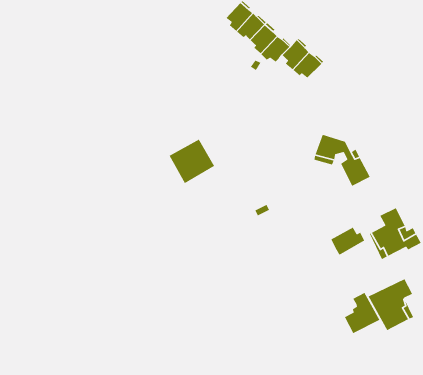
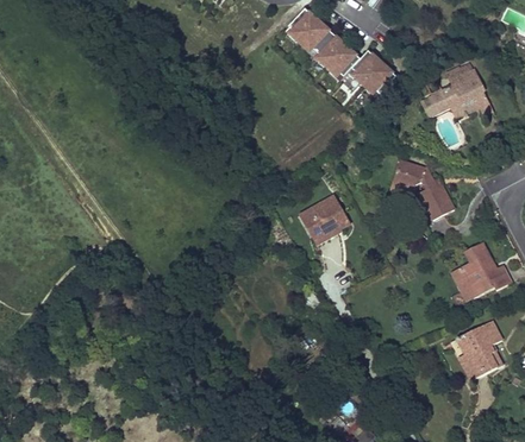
building: none -> [432,68,492,114]
building: [169,139,215,184] -> [299,194,351,245]
building: [330,226,365,256] -> none
building: [344,292,381,334] -> none

